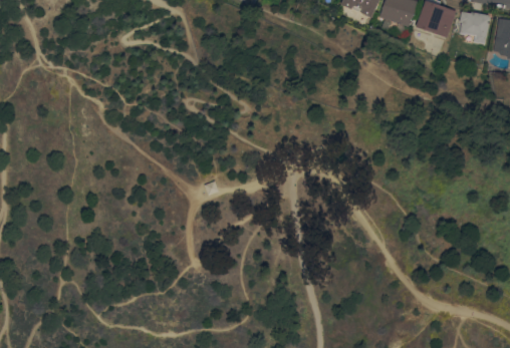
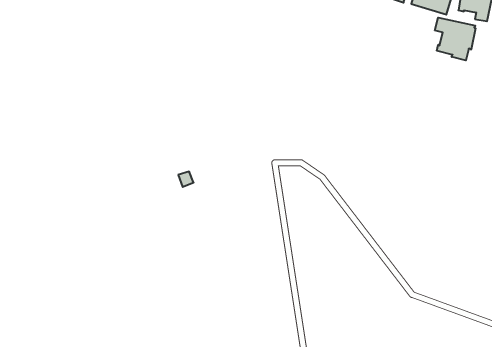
building: none -> [435,18,476,60]

